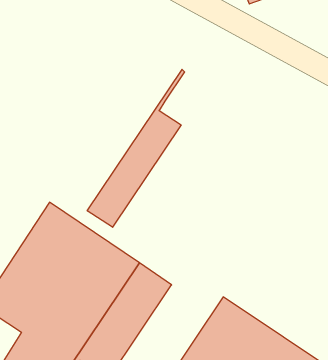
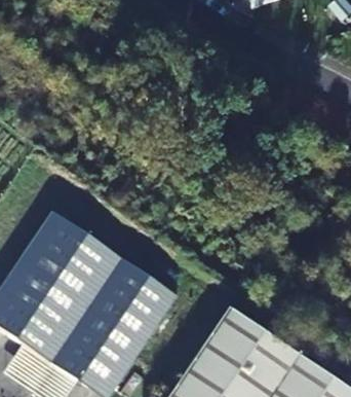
building: [87,69,185,227] -> none

